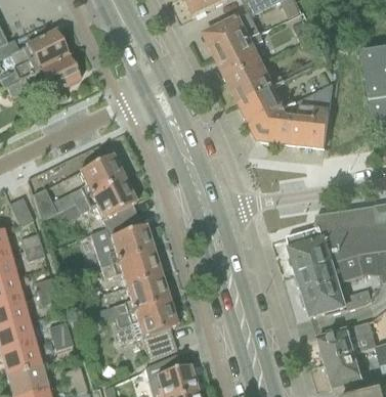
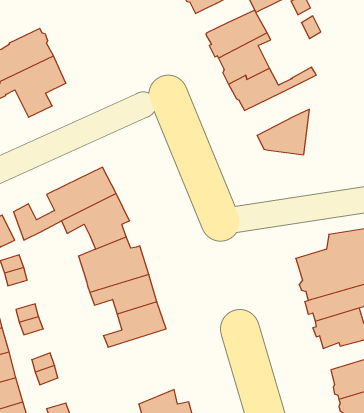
building: [294,84,334,146] -> none
building: [241,86,286,125] -> none
building: [116,299,178,360] -> none

